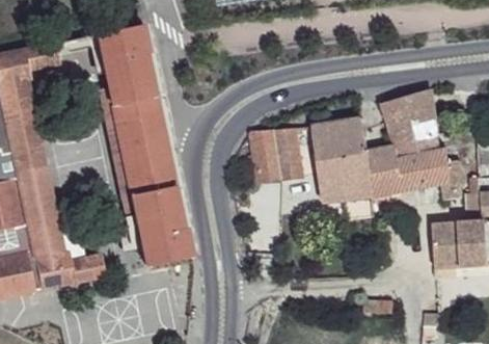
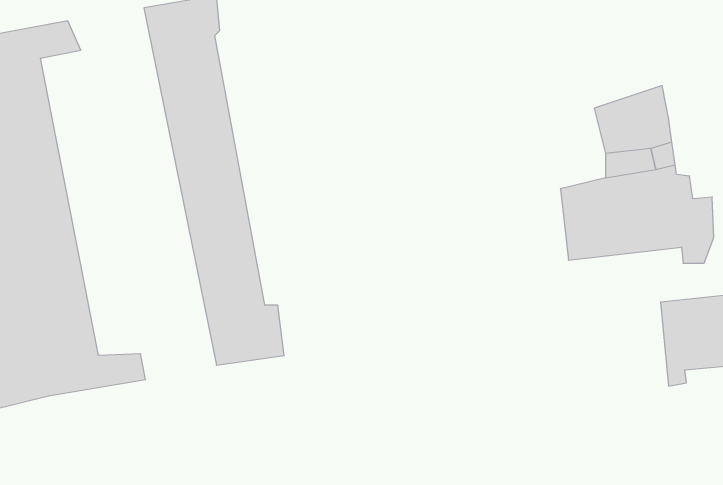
building: [315,120,372,202] -> none
building: [250,128,306,182] -> none

